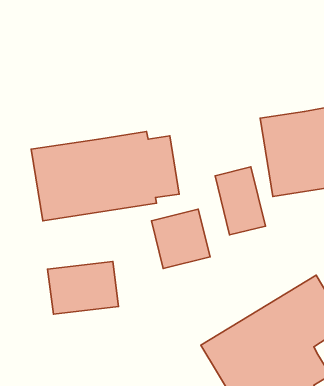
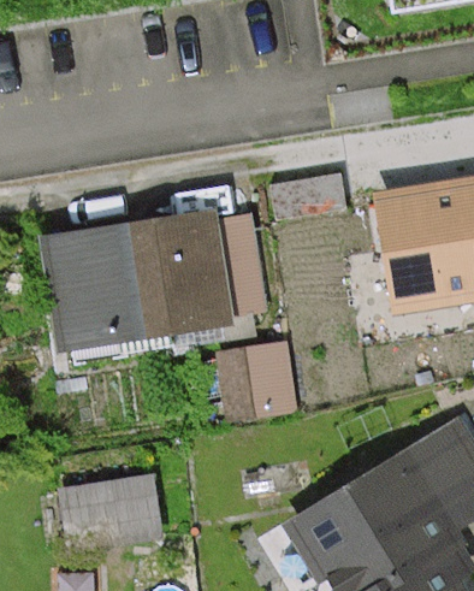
building: [215,167,265,235] -> none
building: [48,262,119,314] -> [60,477,162,552]

